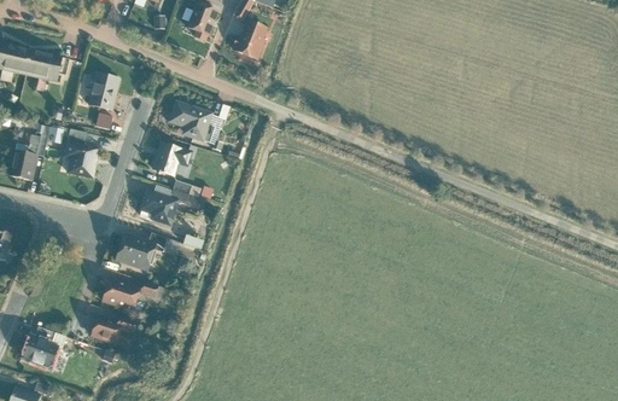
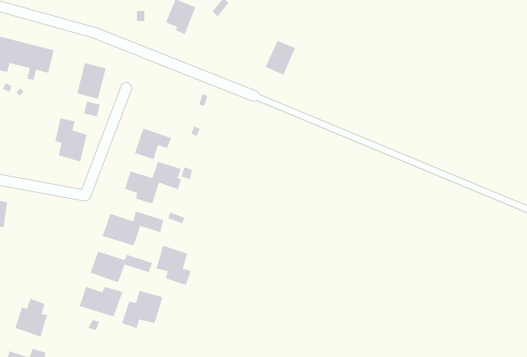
building: [234,22,268,60] -> [265,40,296,76]
building: [167,101,214,143] -> none
building: [12,136,48,180] -> none
building: none -> [156,245,192,286]
building: none -> [121,290,163,329]

